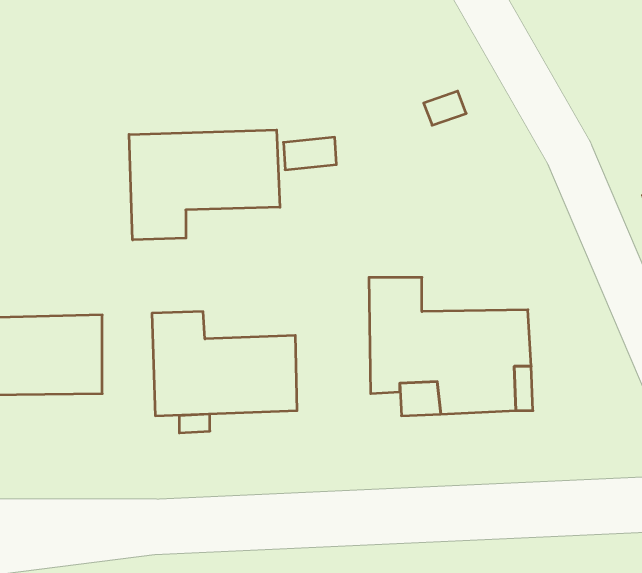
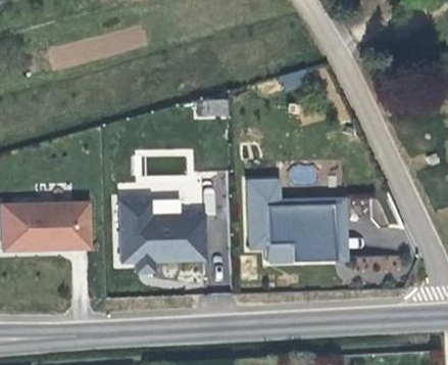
building: [129,130,280,240] -> none

